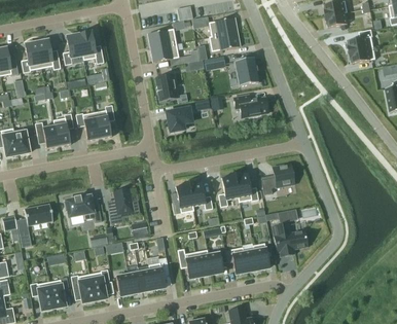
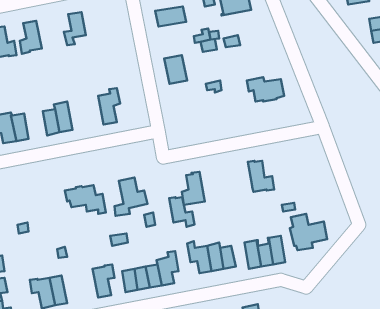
building: [78,31,103,63] -> none
building: [209,31,240,50] -> none
building: [36,38,60,69] -> none
building: [150,42,179,61] -> none
building: [234,57,258,84] -> none
building: [167,107,191,130] -> none
building: [75,111,99,140] -> none
building: [261,163,293,193] -> none
building: [218,173,238,206] -> none
building: [188,181,212,209] -> [169,197,194,227]
building: [24,203,52,225] -> none
building: [70,273,94,301] -> none

